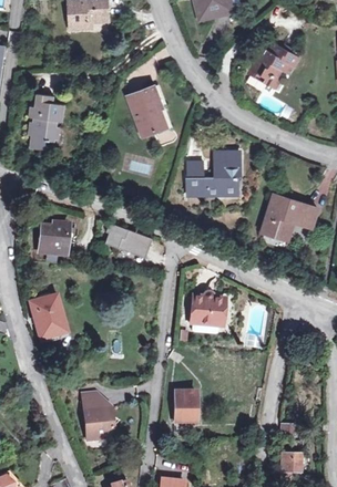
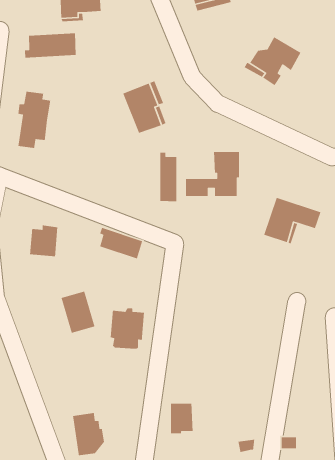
building: none -> [24,32,77,58]
building: none -> [160,152,177,202]
building: [188,294,222,334] -> [110,308,145,349]
building: [31,296,64,336] -> [61,291,95,334]

